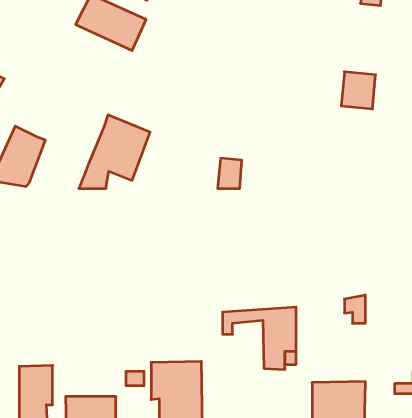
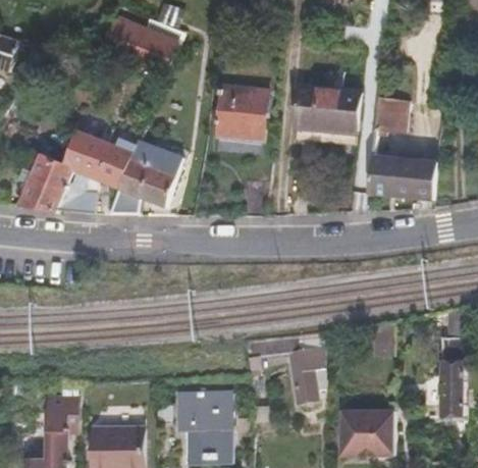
building: none -> [293,85,359,134]
building: none -> [215,86,266,142]
building: none -> [56,131,131,213]
building: none -> [367,156,437,199]

